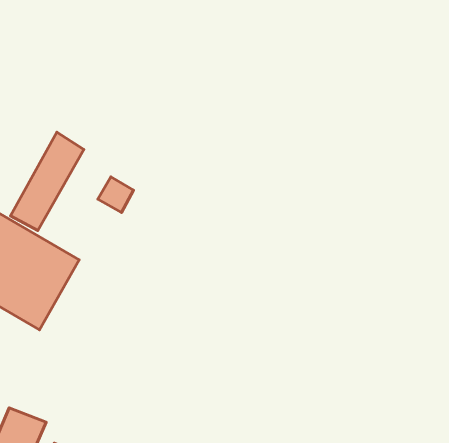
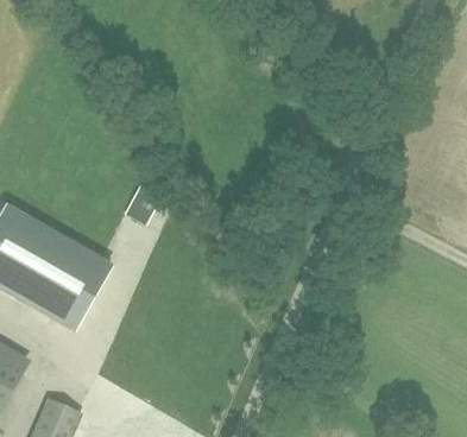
building: [10,132,84,231] -> none

